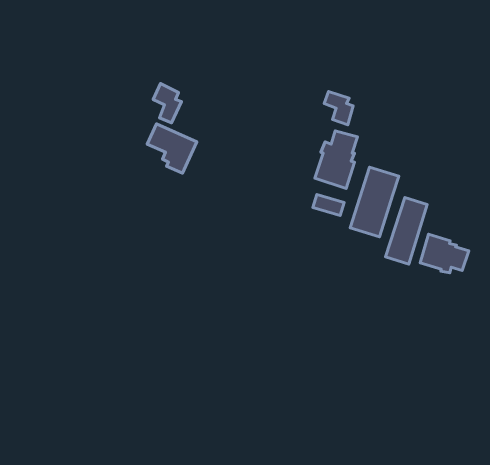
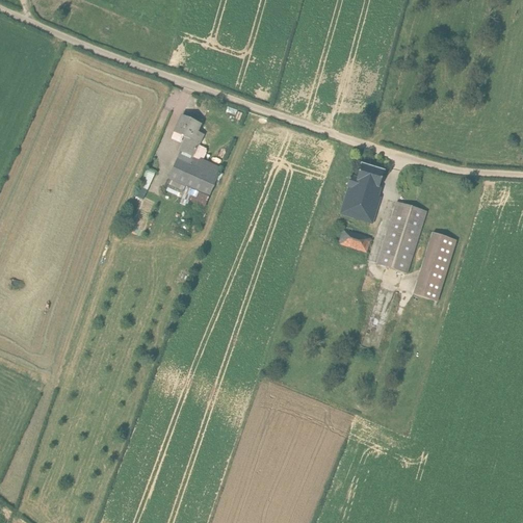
building: [324,92,353,125] -> none
building: [420,234,469,273] -> none

